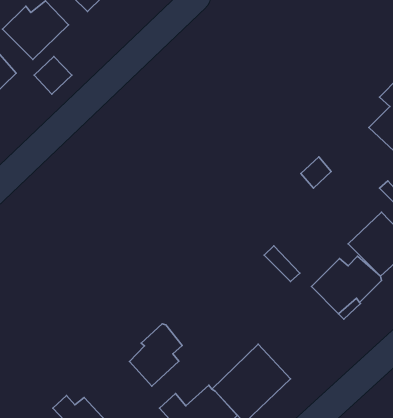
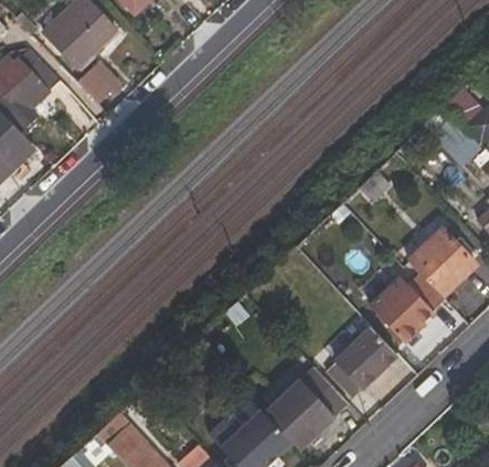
building: none -> [327,328,397,397]
building: [129,324,182,386] -> none

